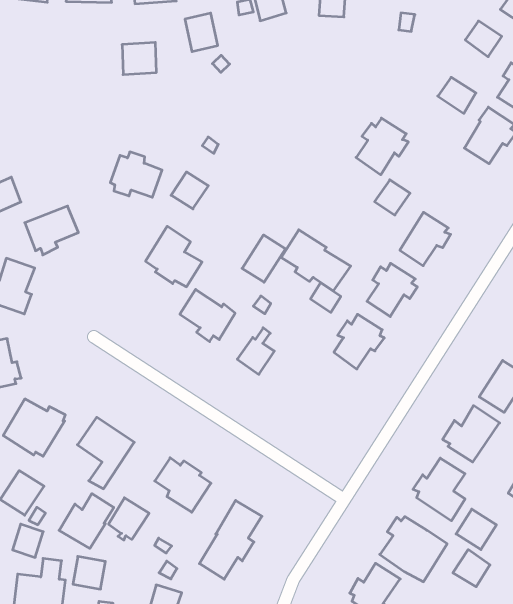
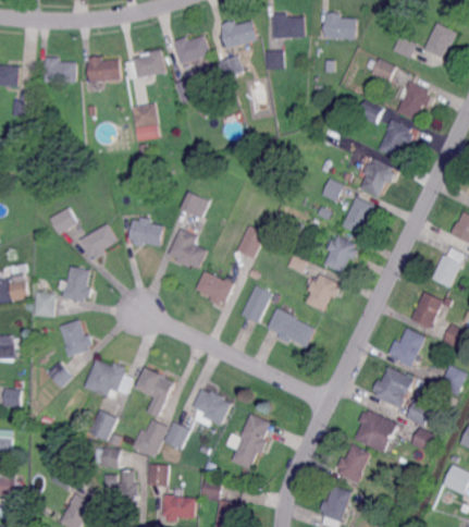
building: [356,118,408,175] -> [359,158,394,197]
building: [110,152,162,197] -> [129,216,164,246]
building: [281,230,351,291] -> [267,307,316,346]

